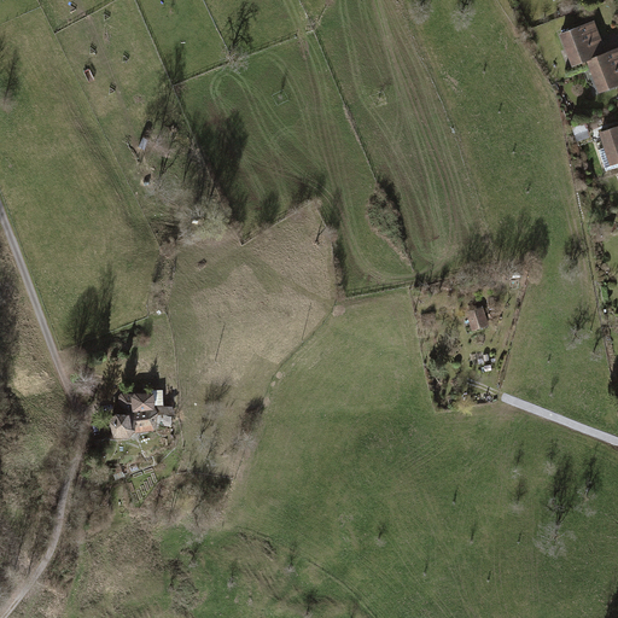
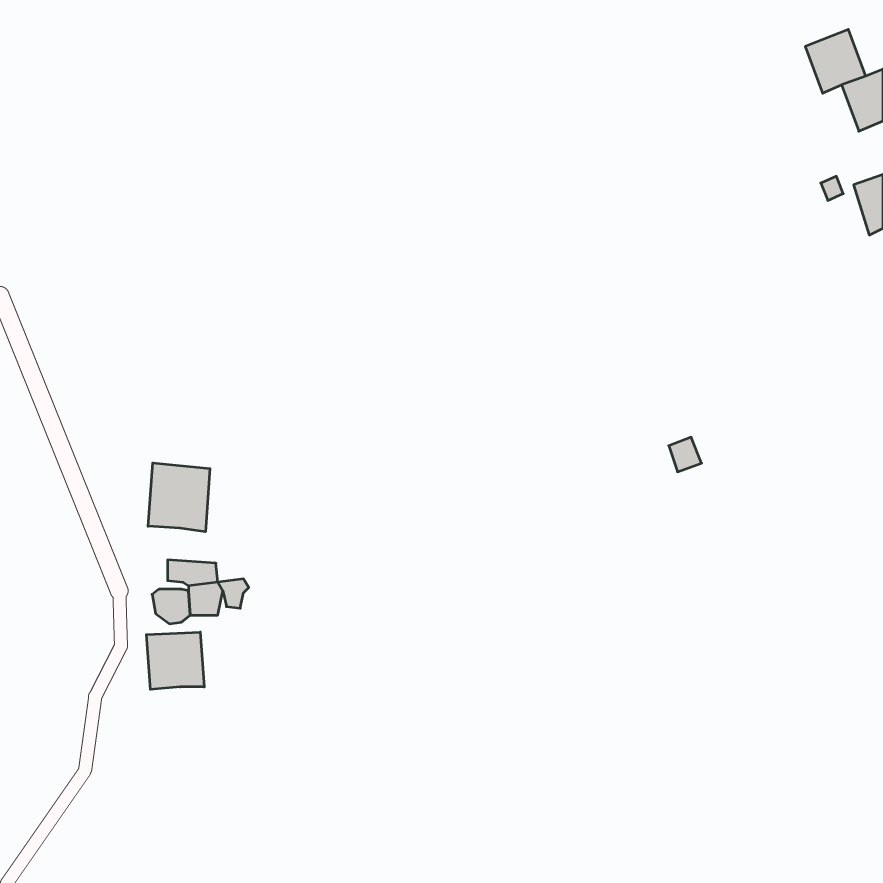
building: none -> [148,463,210,532]
building: none -> [146,632,204,689]

